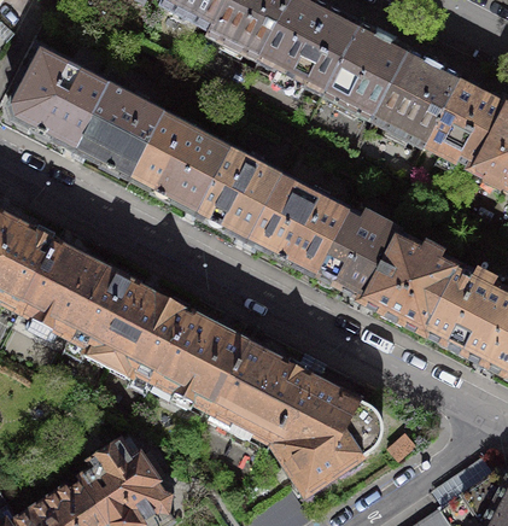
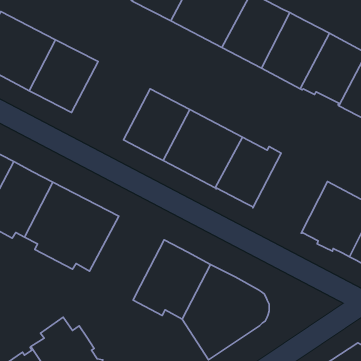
building: [130,111,230,211] -> none
building: [362,228,457,331] -> none
building: [150,309,249,409] -> none

